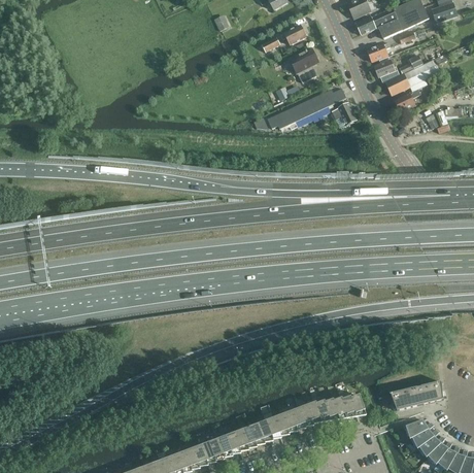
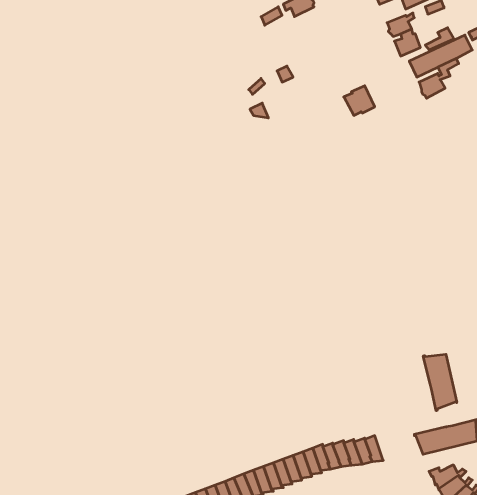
building: [289,47,318,81] -> none
building: [266,88,346,129] -> none
building: none -> [423,354,457,411]

